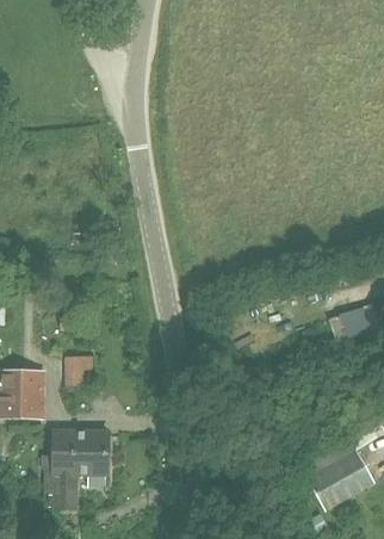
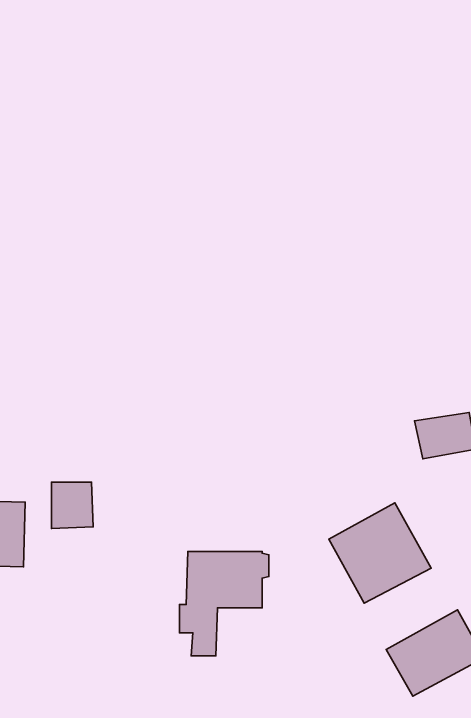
building: none -> [329,503,431,603]
building: [47,432,111,507] -> [179,551,269,656]

